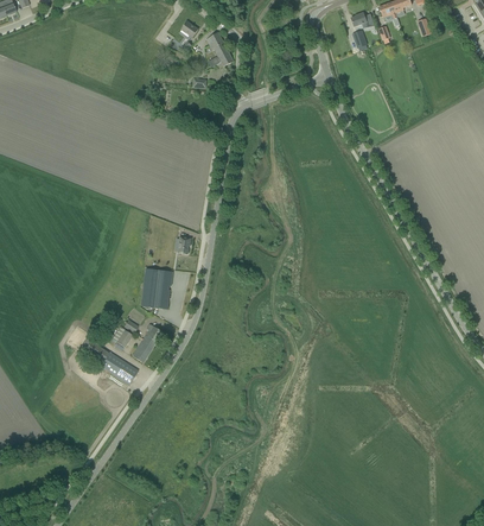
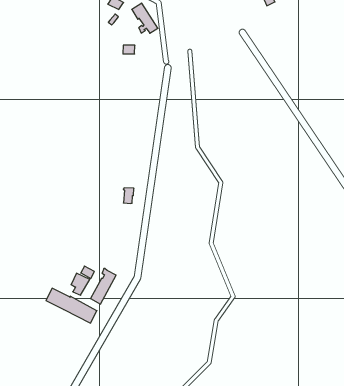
building: [142,267,174,309] -> none

